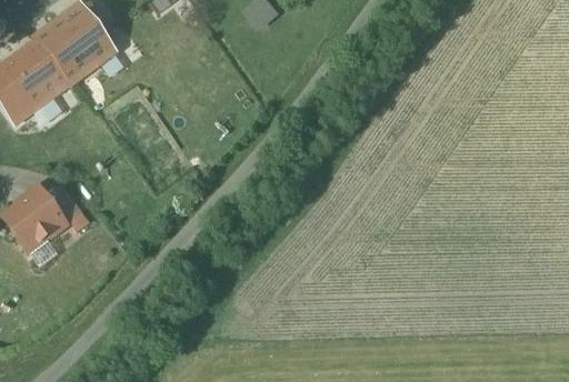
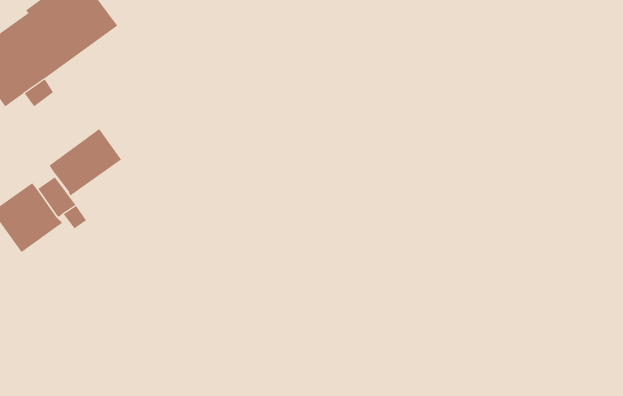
building: none -> [49,128,122,197]

